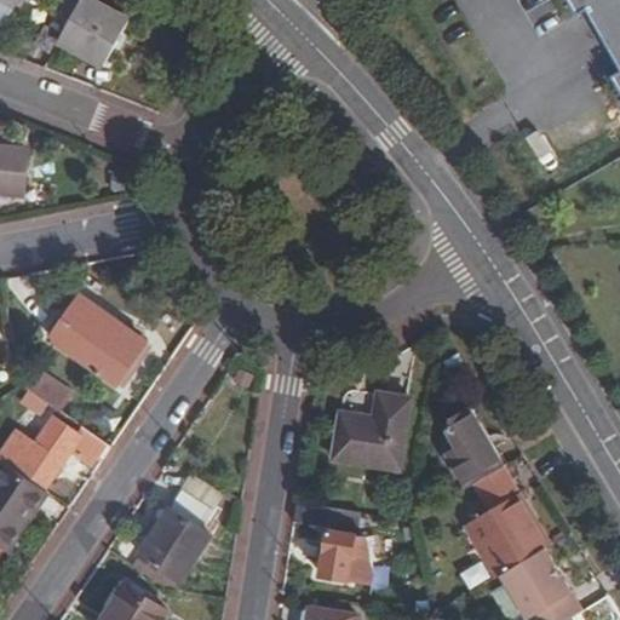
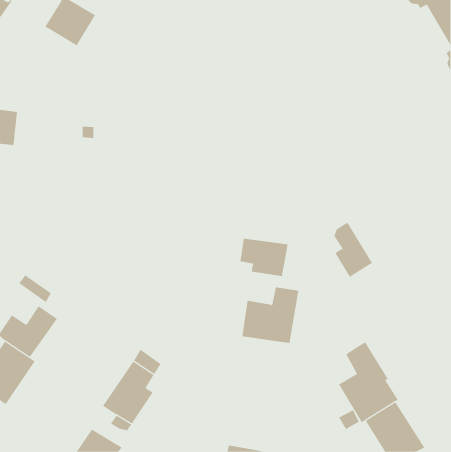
building: [50,294,145,383] -> none
building: none -> [240,238,288,277]
building: [444,411,498,487] -> [334,222,373,278]
building: [294,501,374,580] -> none

